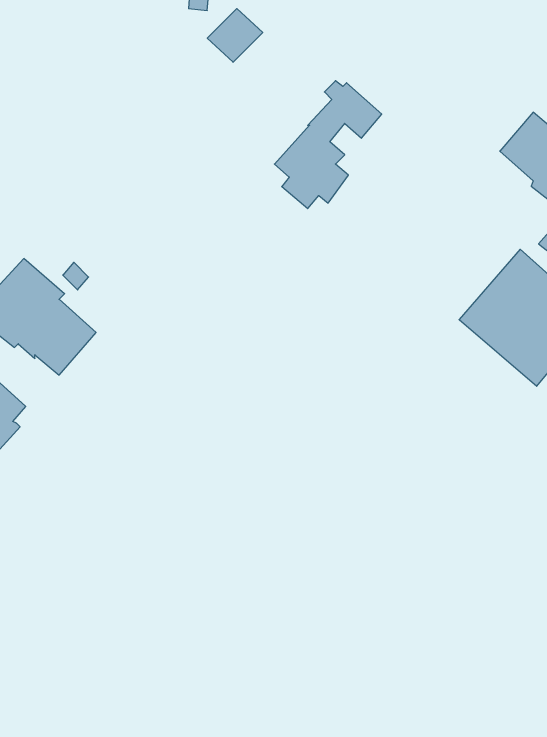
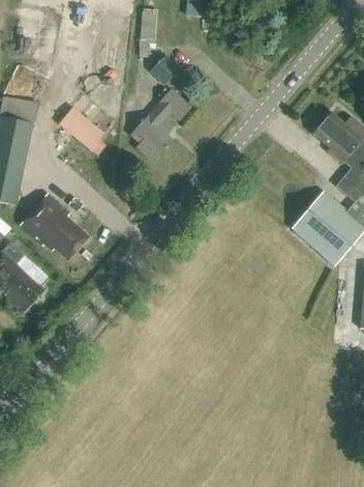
building: [274,81,382,209] -> [131,88,191,160]
building: none -> [57,103,104,148]

